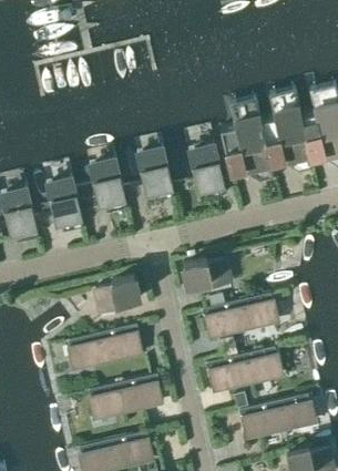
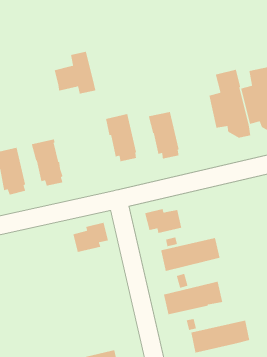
building: [221,101,275,185] -> none
building: [75,163,127,216] -> [54,51,96,94]
building: [64,327,142,369] -> none
building: [85,377,163,419] -> none

